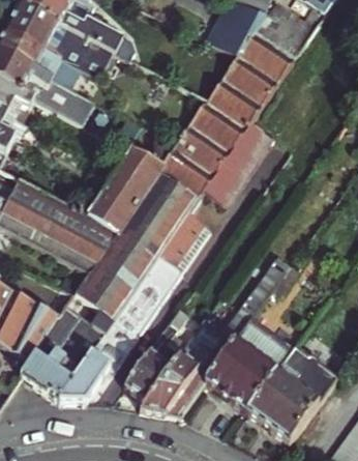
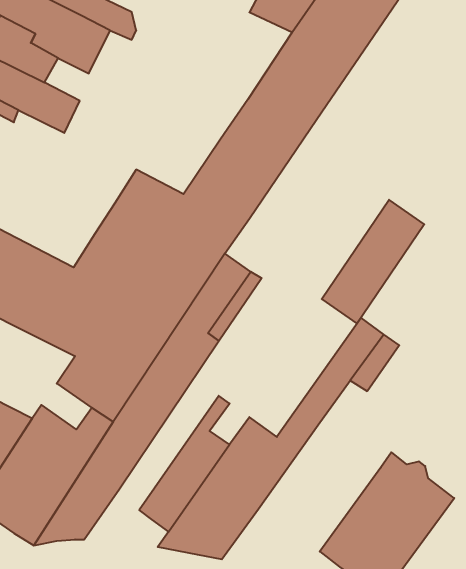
building: [207,113,276,197] -> [322,200,424,324]
building: [213,320,296,406] -> none

